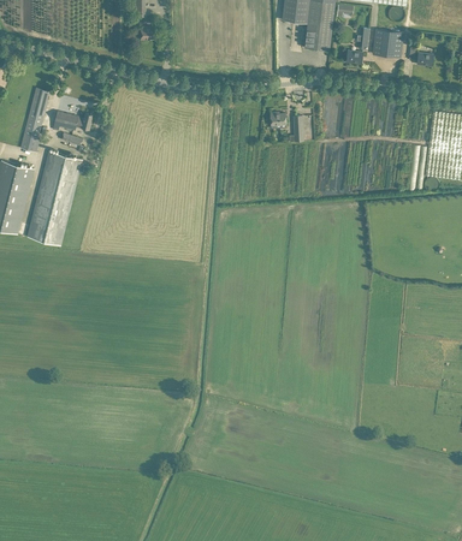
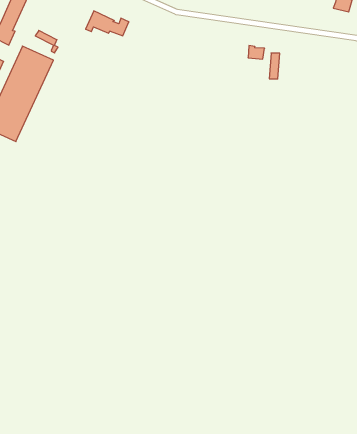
building: [51,109,91,130] -> [86,11,129,36]

